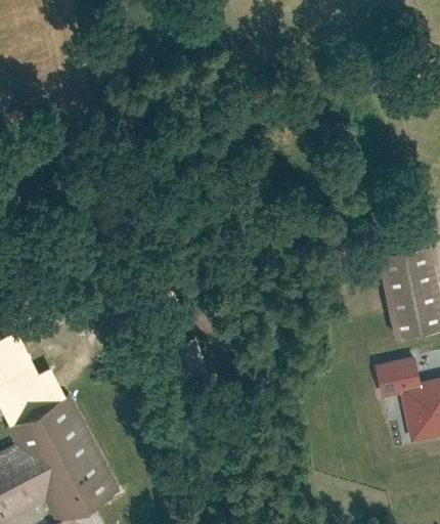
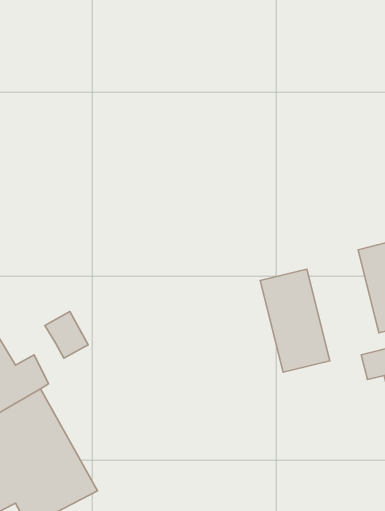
building: none -> [260,269,330,372]
building: none -> [45,311,88,358]

